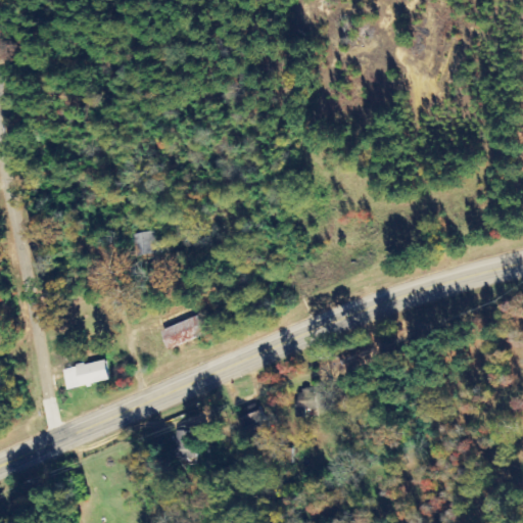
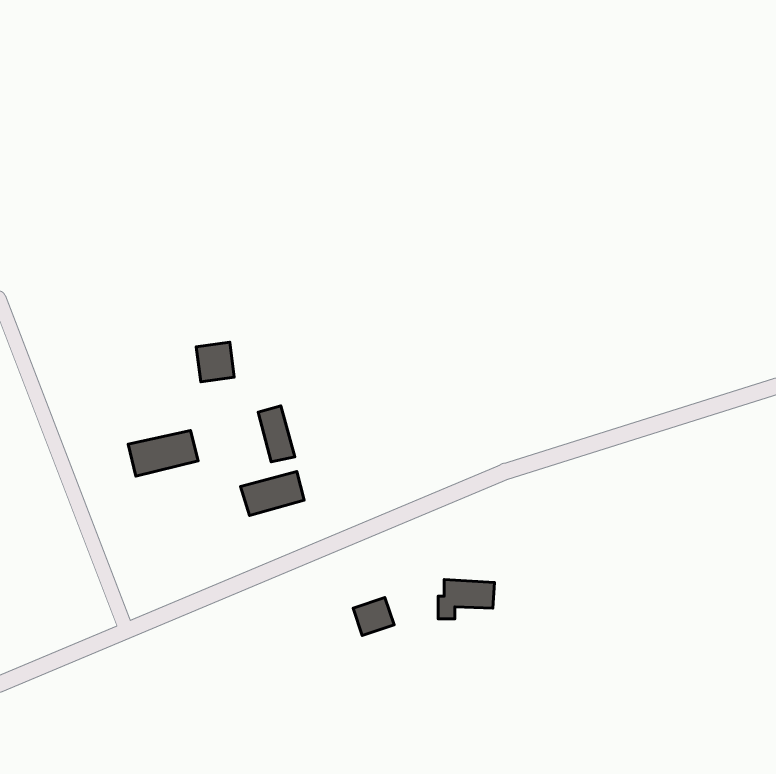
building: none -> [258,406,295,462]
building: [62,359,109,389] -> [128,430,198,476]

